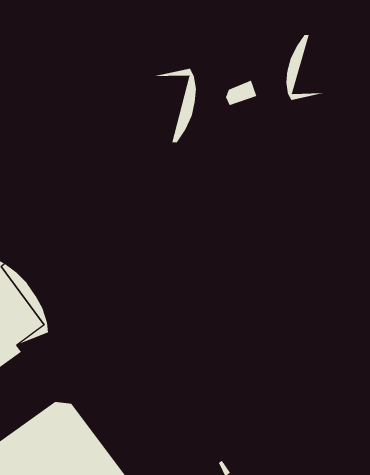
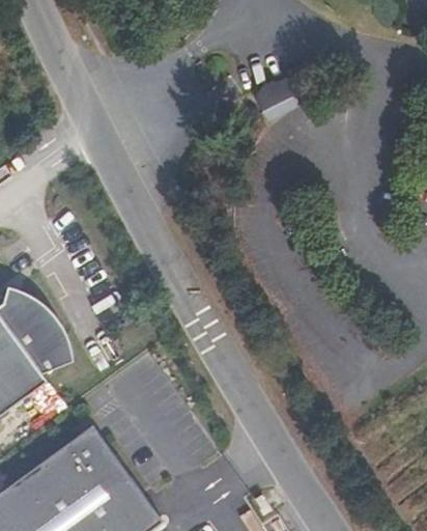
building: [286,34,330,101] -> none
building: [148,68,196,143] -> none

